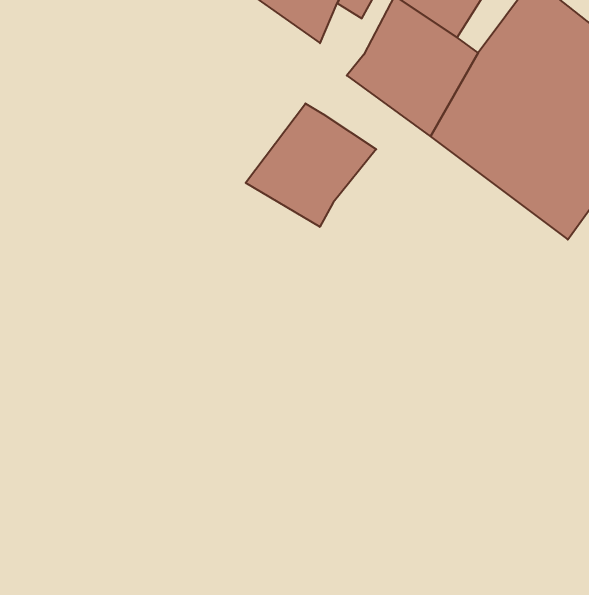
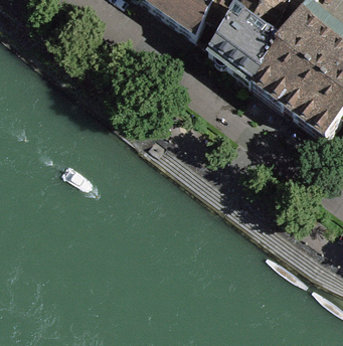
building: [246,103,376,227] -> none

